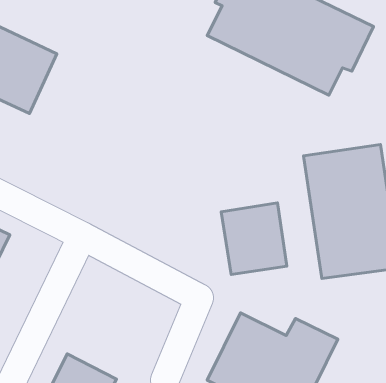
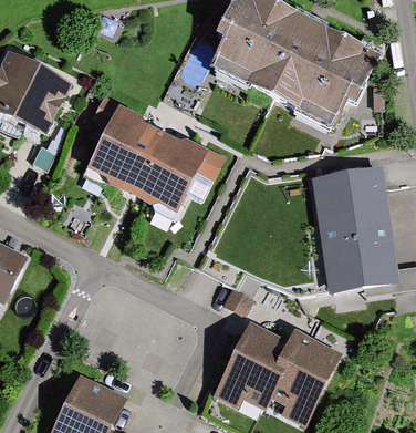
building: none -> [90,100,222,221]
building: [221,203,287,275] -> none

